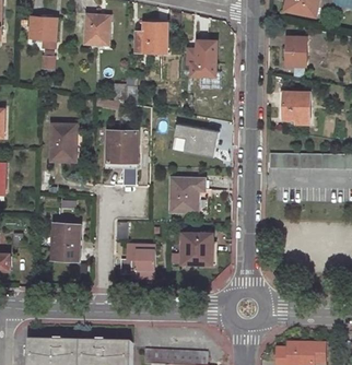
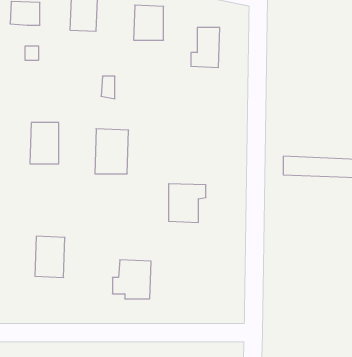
building: [285,36,306,66] -> none
building: [279,90,309,121] -> none
building: [172,125,216,158] -> none
building: [181,234,211,264] -> none

